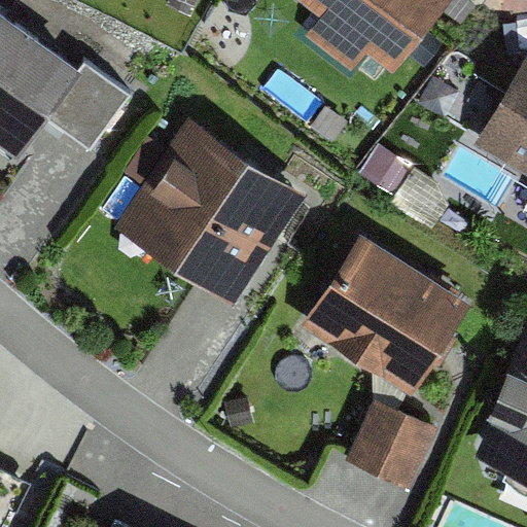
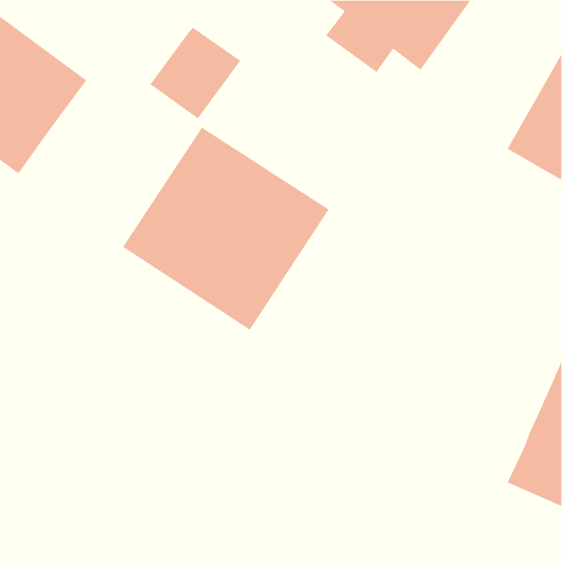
building: [46,69,132,155] -> [150,27,241,119]
building: [303,237,471,398] -> none
building: [346,400,440,491] -> none

